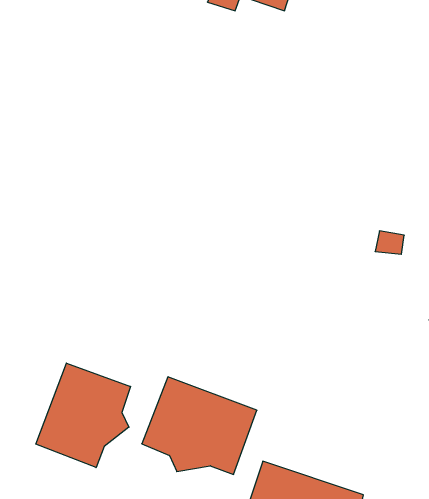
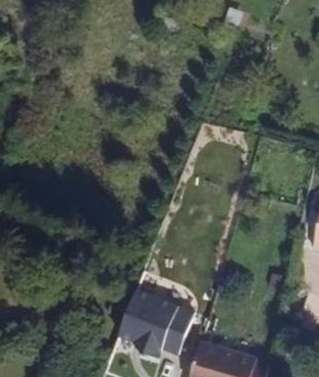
building: [36,363,131,468] -> none

